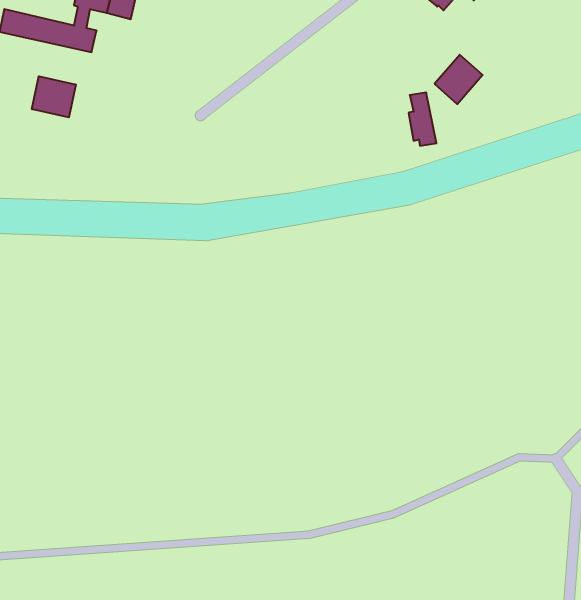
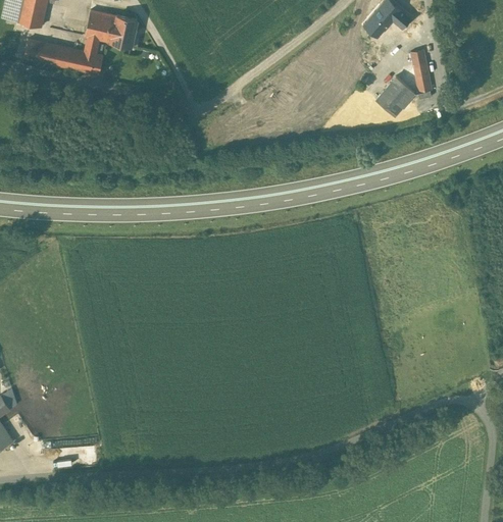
building: [32,76,76,117] -> none
building: [409,93,436,146] -> [409,50,432,93]

